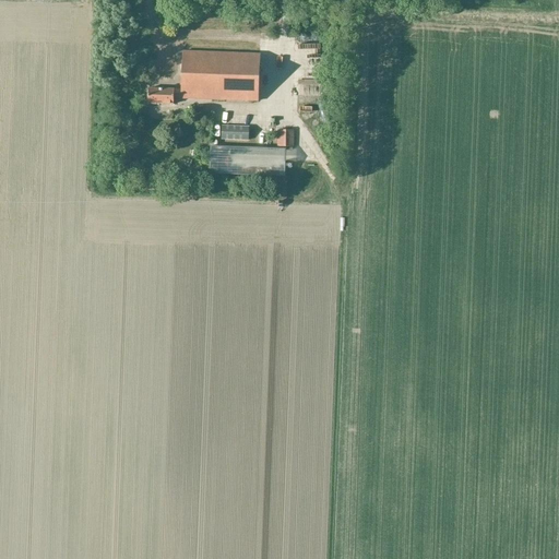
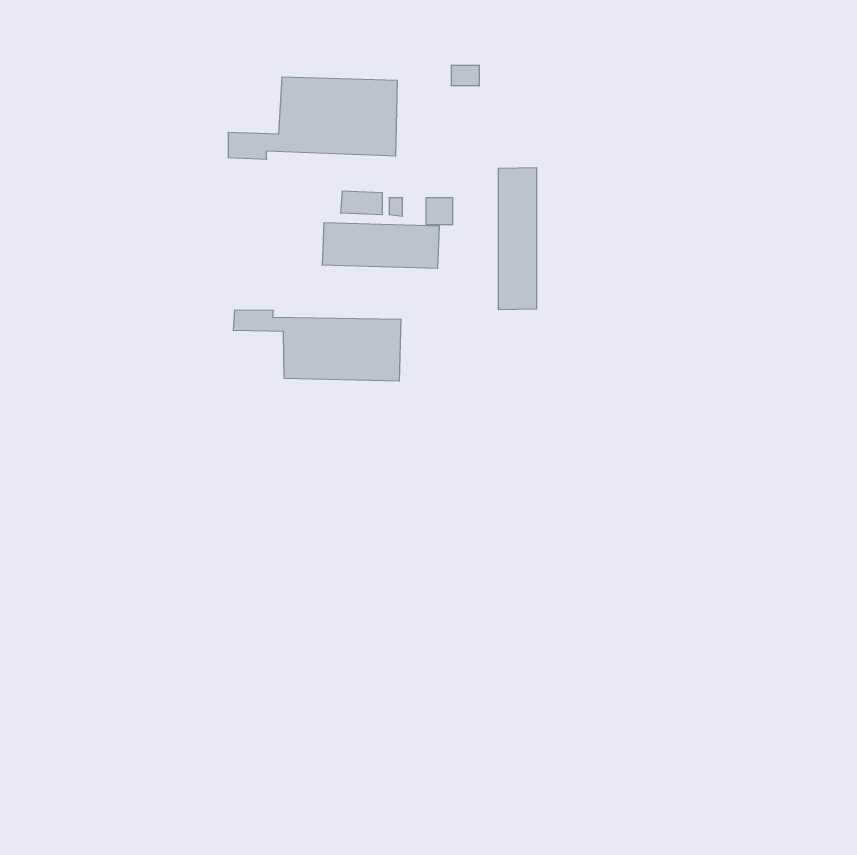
building: none -> [498,168,536,310]
building: none -> [234,310,401,381]

